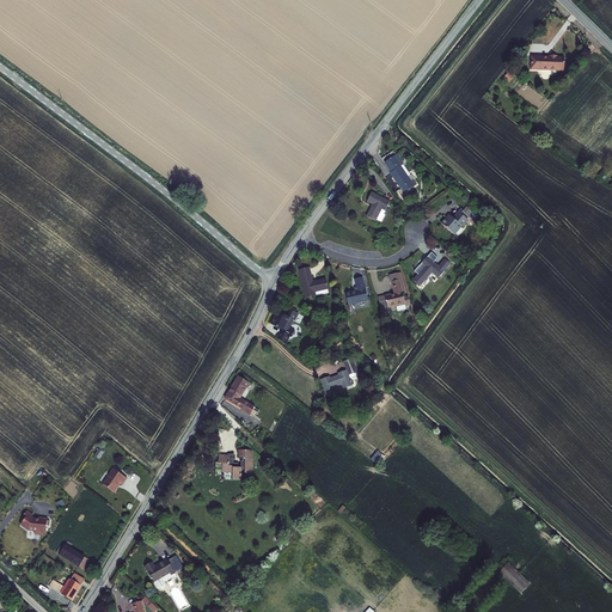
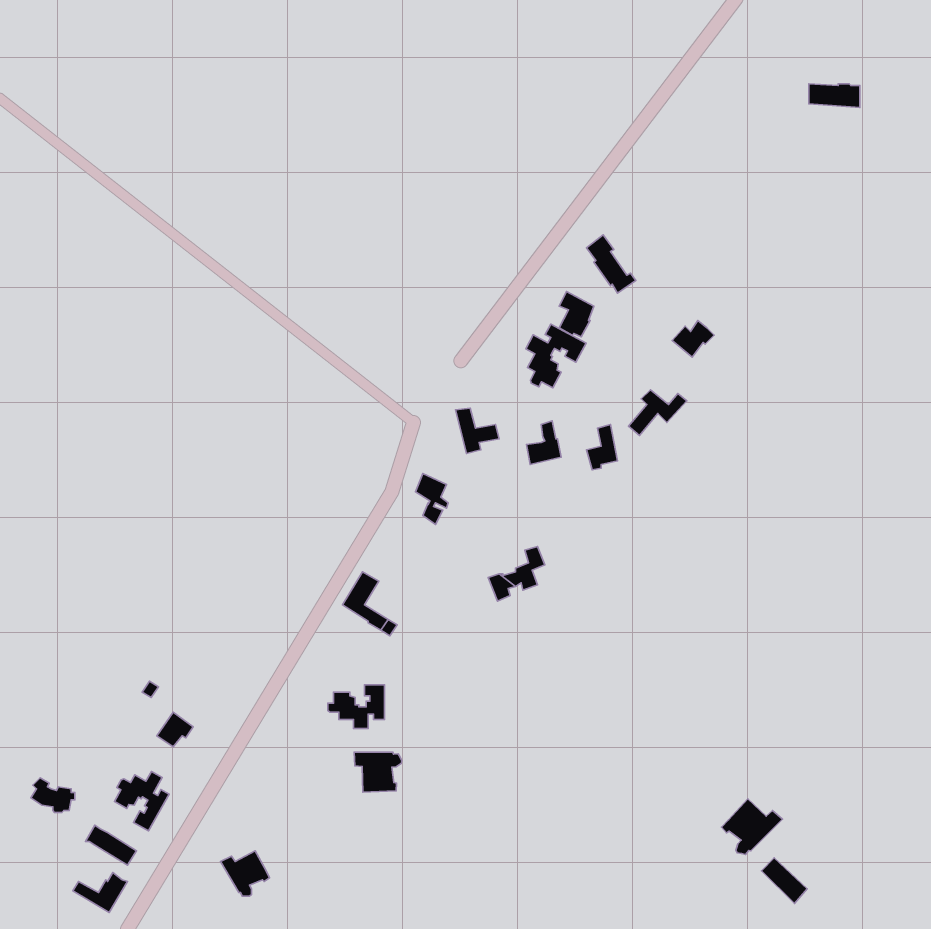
building: none -> [526,324,586,388]
building: none -> [354,752,402,792]
building: none -> [114,771,169,831]
building: none -> [722,799,783,854]

